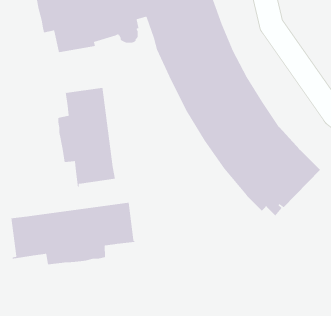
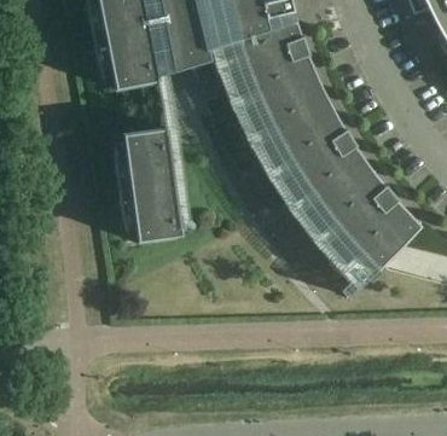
building: [11,202,135,267] -> none

